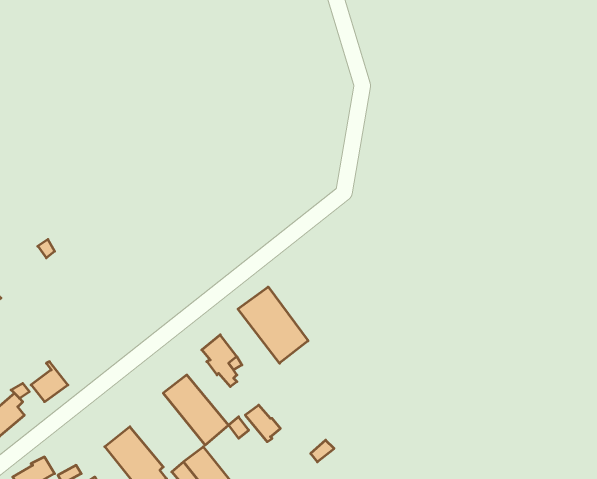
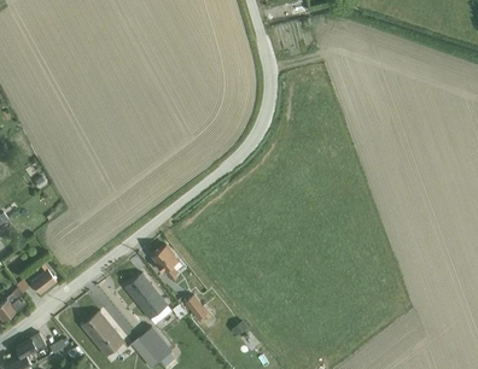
building: [238,287,308,363] -> none

